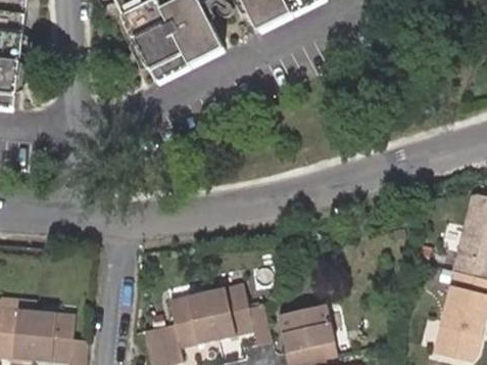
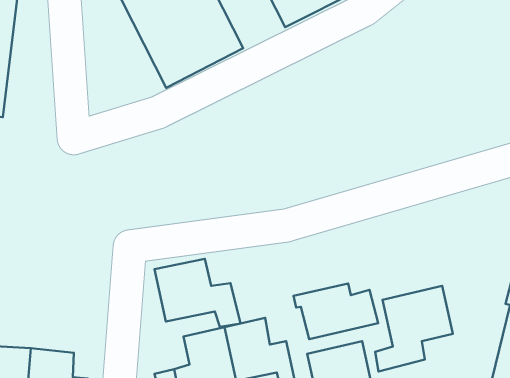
building: none -> [155,259,240,327]
building: none -> [293,283,378,339]
building: none -> [375,286,453,372]

